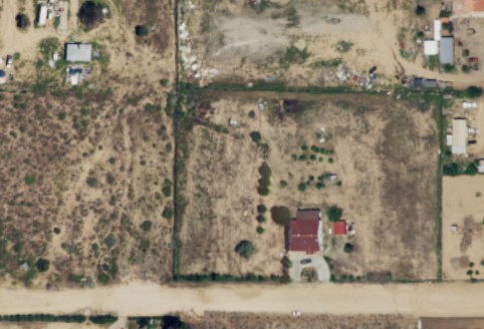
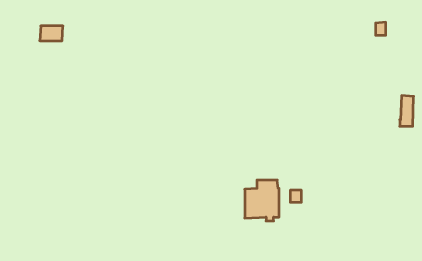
building: [440,38,455,63] -> none

